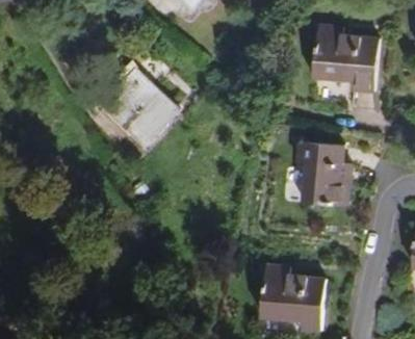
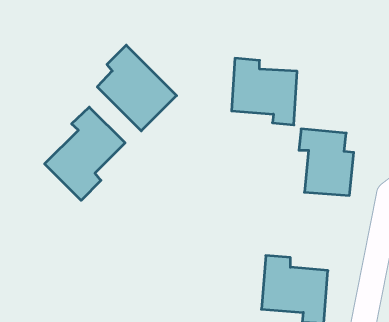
building: [314,27,378,92] -> [232,58,297,125]
building: none -> [45,107,125,200]

